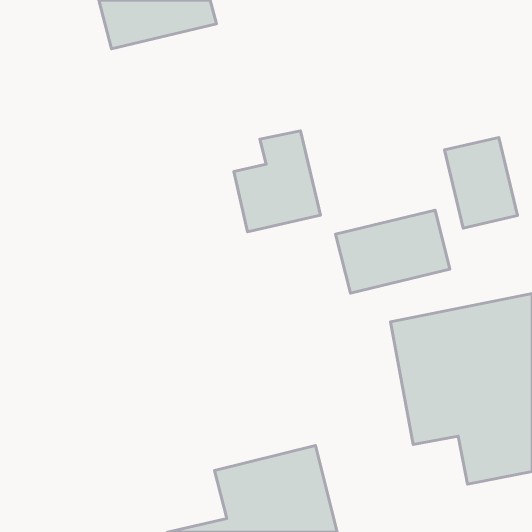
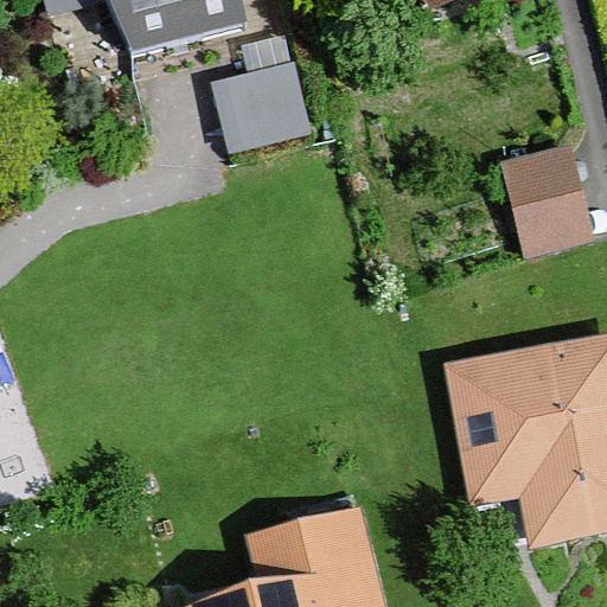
building: [234,131,320,232] -> [215,24,313,139]
building: [336,210,450,293] -> none

